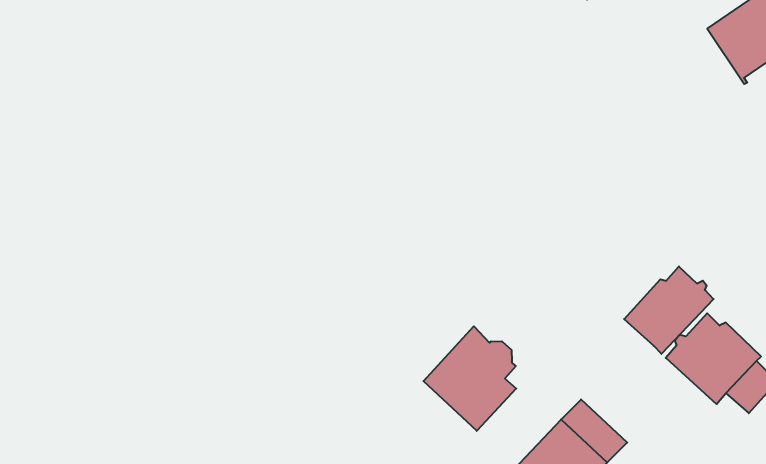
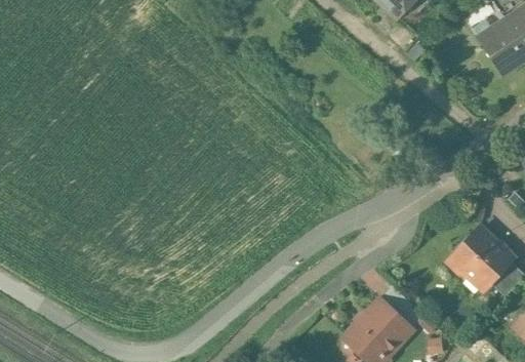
building: [624,266,714,354] -> none
building: [423,326,516,431] -> none

